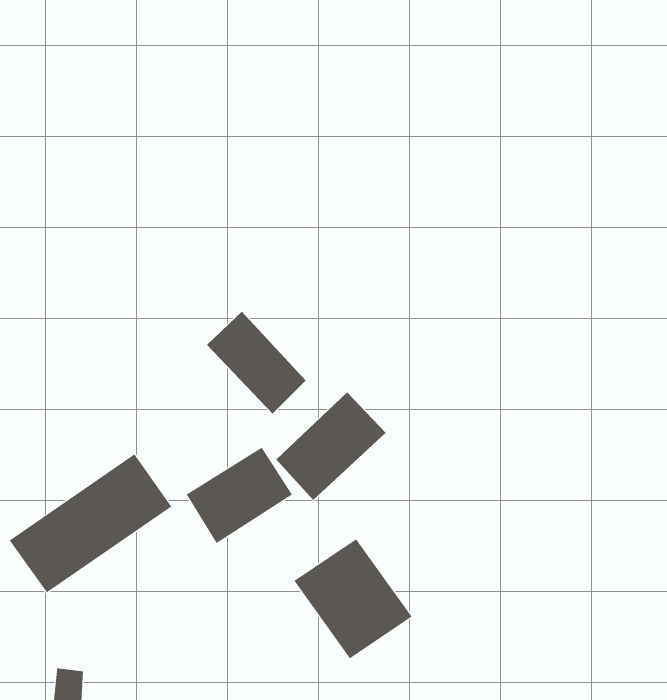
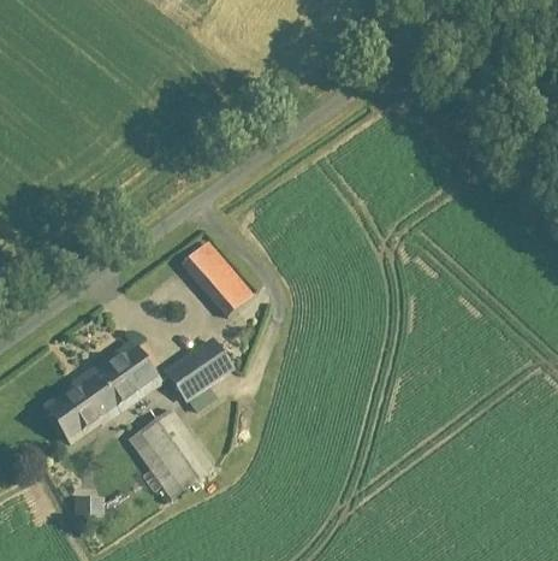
building: [275,391,387,501] -> none
building: [293,538,412,659] -> [129,408,213,494]

